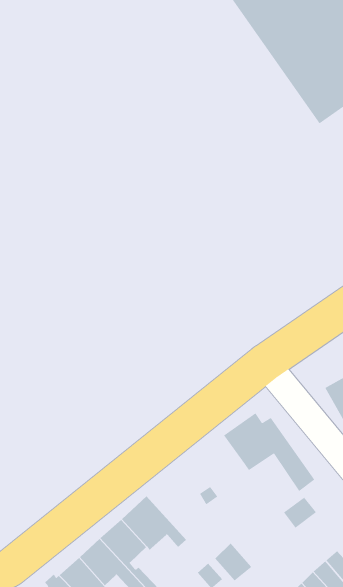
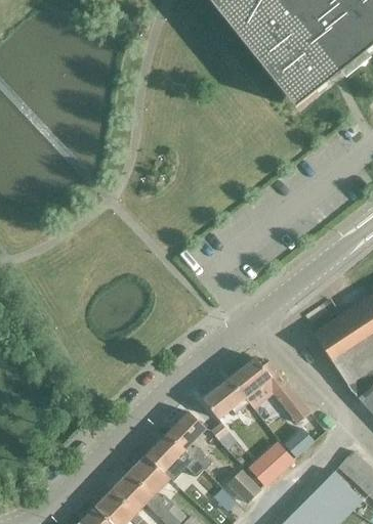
building: none -> [202,379,248,419]
building: none -> [166,411,210,470]
building: none -> [247,441,292,485]

